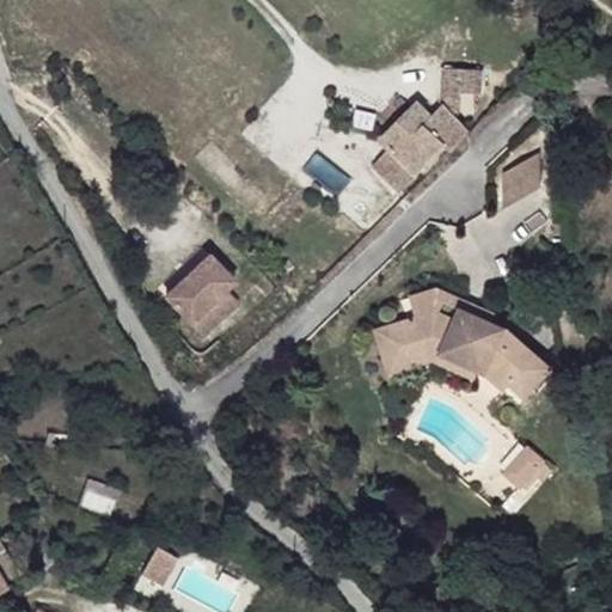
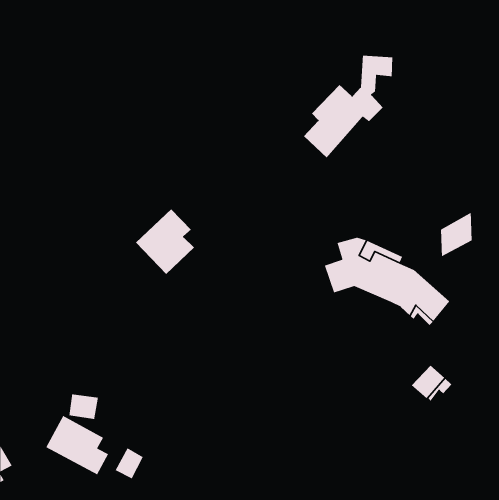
building: [501,152,540,208] -> [440,211,473,257]
building: [375,324,477,378] -> none
building: none -> [45,415,109,475]

